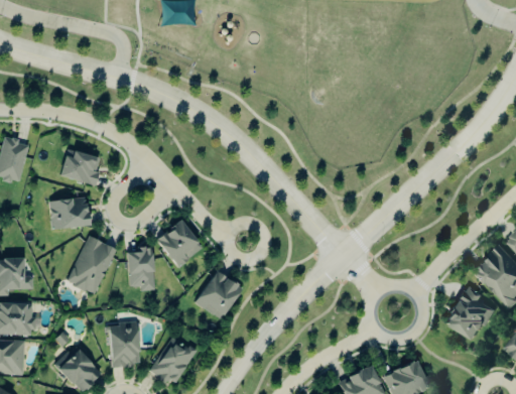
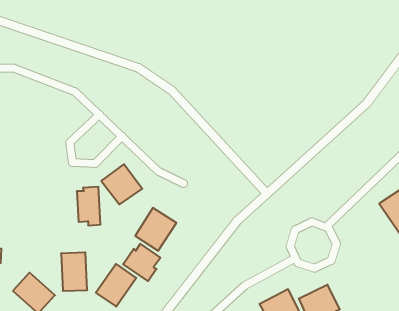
building: [59,149,99,185] -> none
building: [48,195,89,229] -> none
building: [67,235,116,294] -> none
building: [445,285,494,340] -> none
building: none -> [123,244,160,281]

